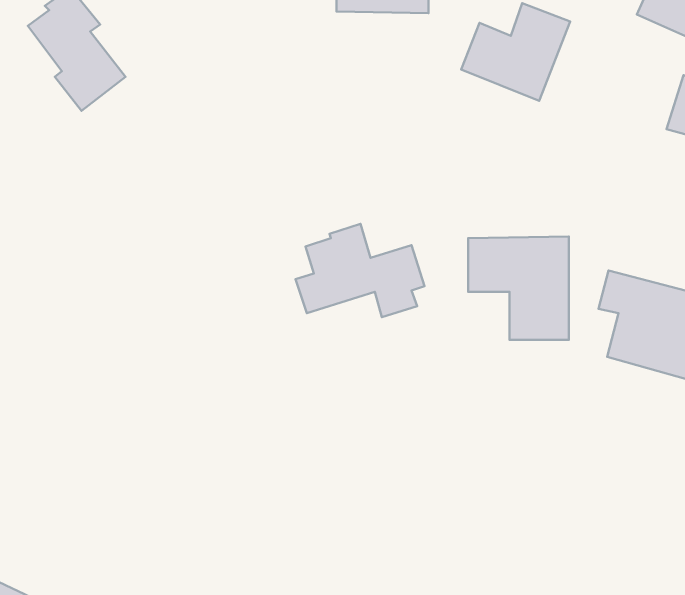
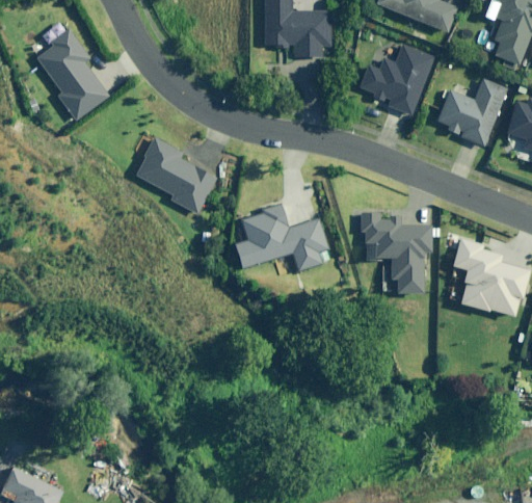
building: none -> [436,76,509,143]
building: none -> [135,138,216,215]

